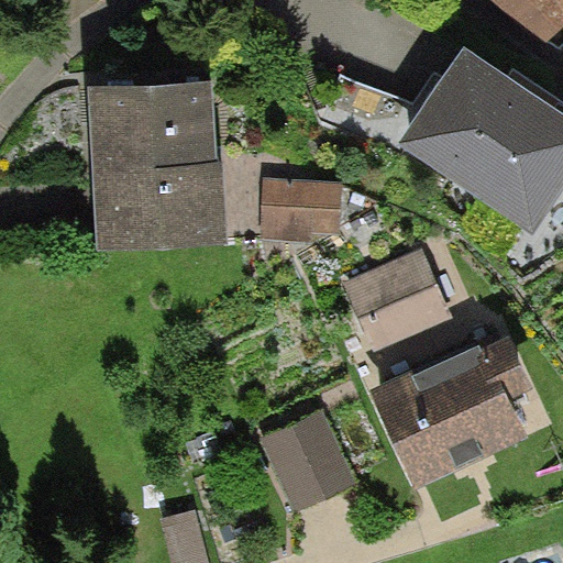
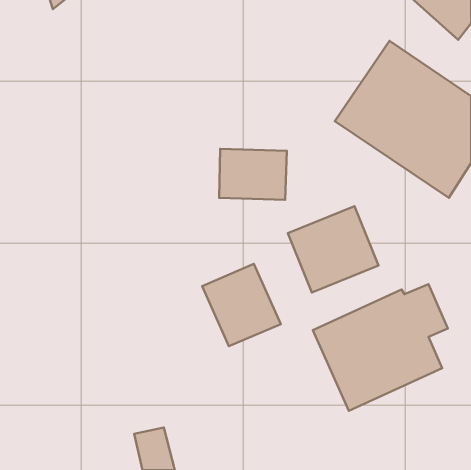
building: [88,84,228,252] -> none
building: [260,411,353,509] -> [202,264,281,346]

